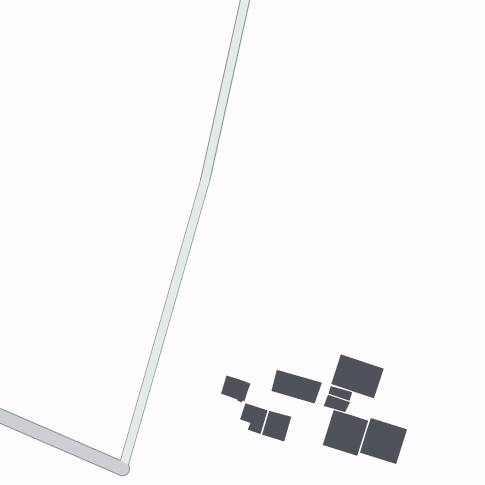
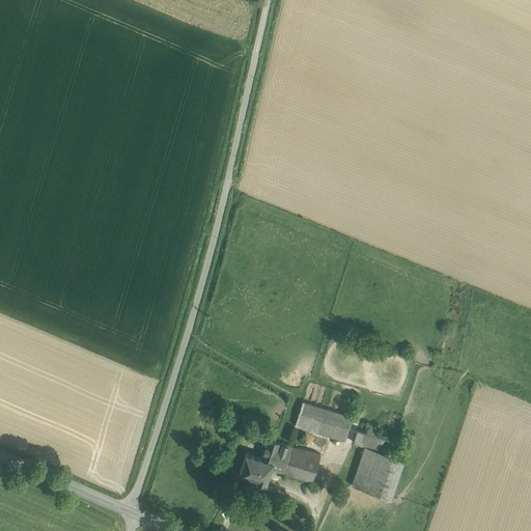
building: [330,354,384,399] -> none
building: [220,375,252,403] -> [239,453,273,484]
building: [359,417,408,465] -> none

